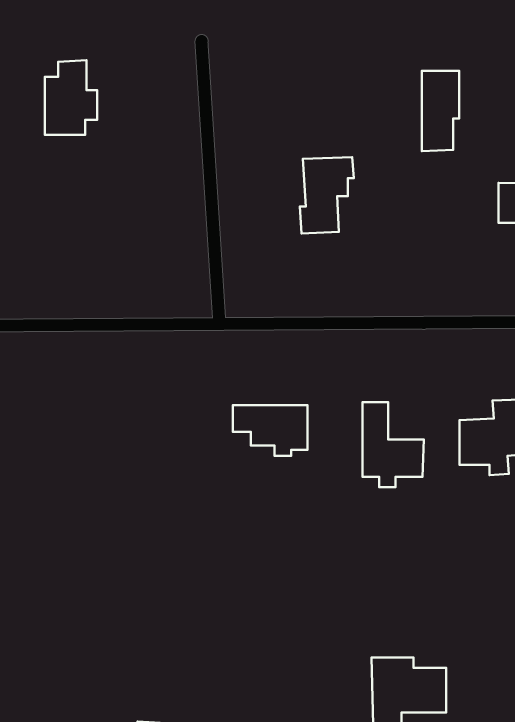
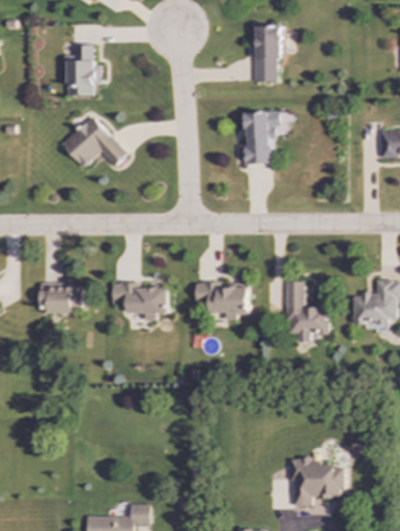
building: [422,71,459,151] -> [254,26,280,82]
building: none -> [61,116,126,167]
building: none -> [111,282,166,319]
building: none -> [38,283,82,312]

